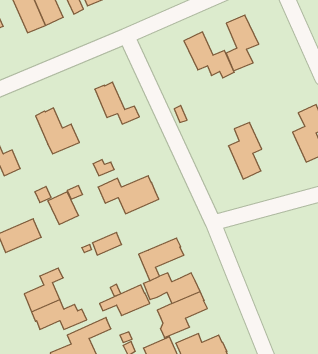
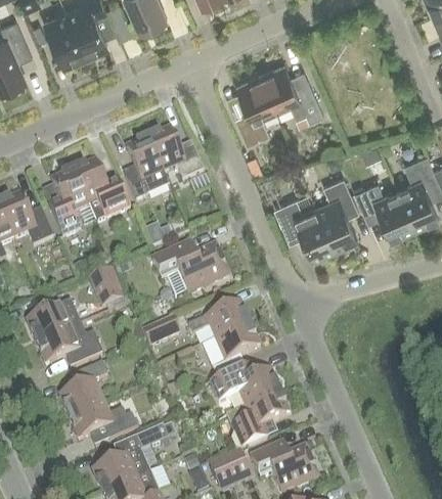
building: [226,15,259,71] -> [236,74,277,144]
building: none -> [125,135,169,199]
building: none -> [50,169,88,236]
building: none -> [354,182,414,237]
building: none -> [274,197,335,259]
building: none -> [35,322,100,366]
building: [100,285,150,316] -> [187,300,251,338]

